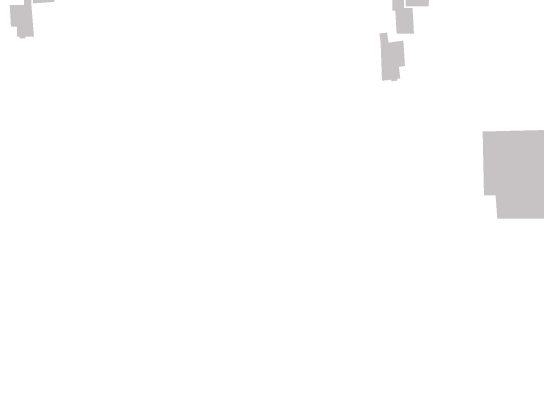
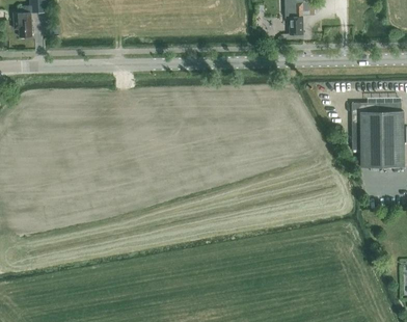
building: [379,32,406,82] -> none

